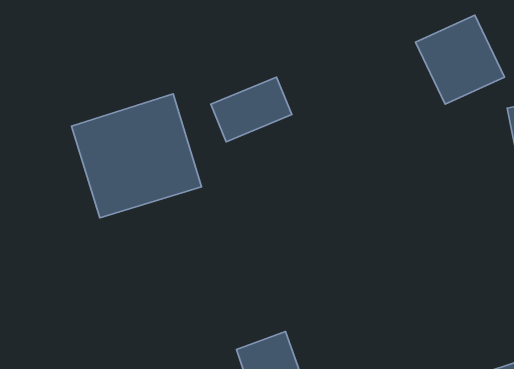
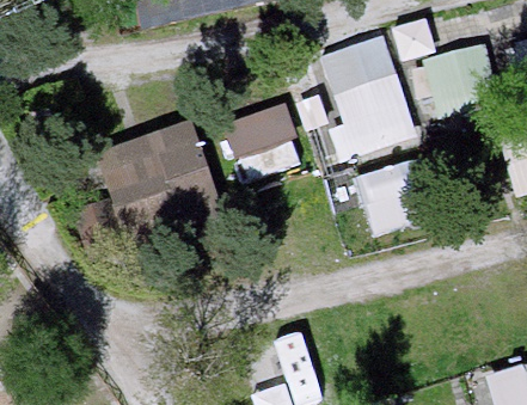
building: none -> [321,36,411,154]

